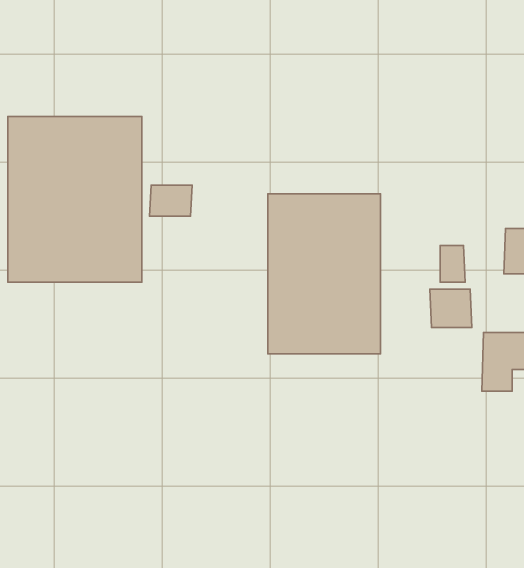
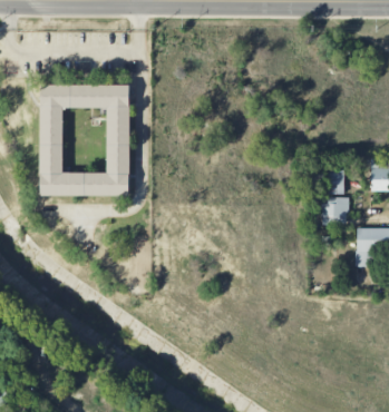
building: [149,185,192,216] -> none
building: [268,194,381,354] -> none

